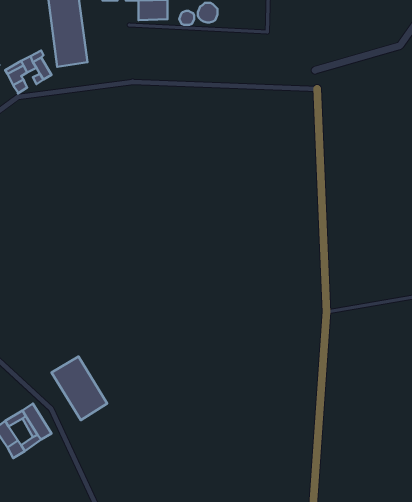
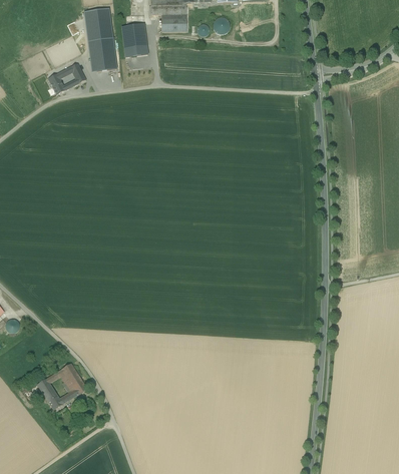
building: none -> [121,24,147,57]
building: [51,356,107,420] -> none

